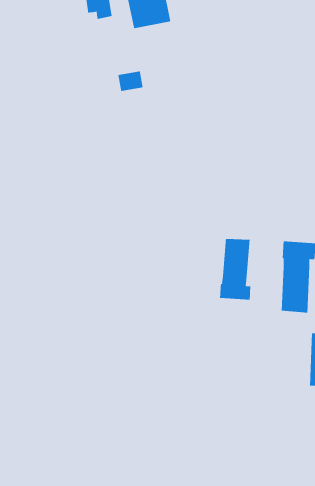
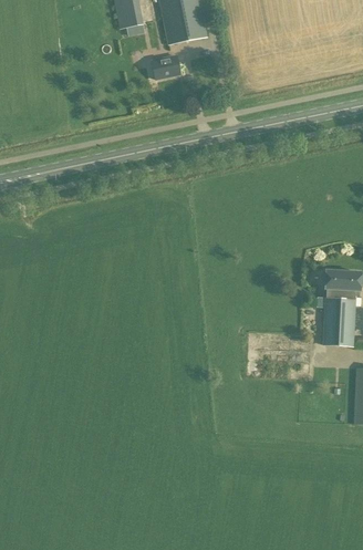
building: [117,71,144,92] -> [152,54,179,76]
building: [220,238,251,300] -> none

